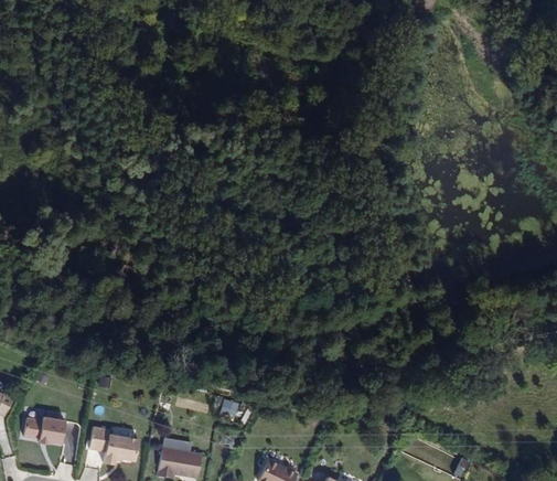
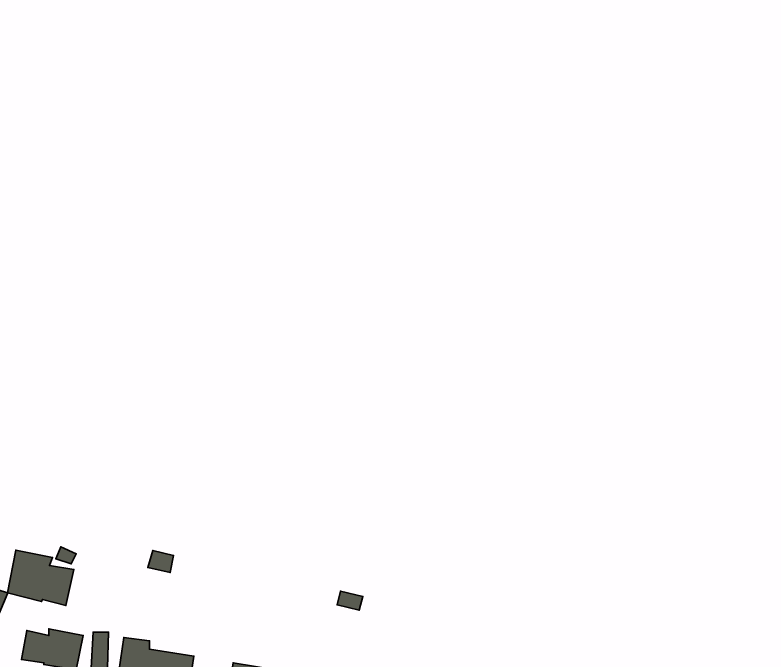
building: none -> [7,550,74,605]

